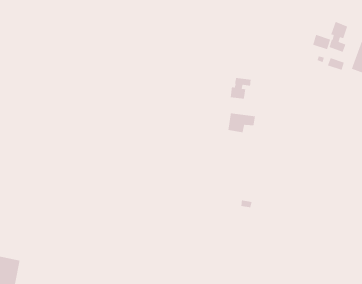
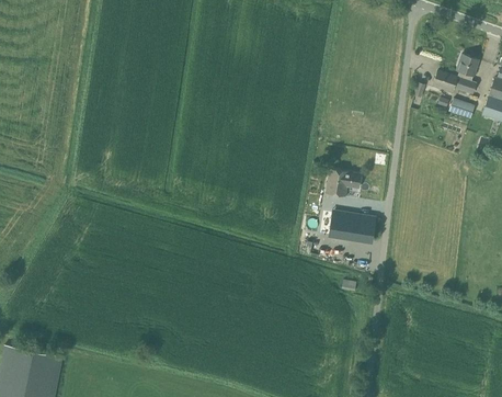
building: [230,77,252,99] -> none
building: none -> [328,215,375,243]

